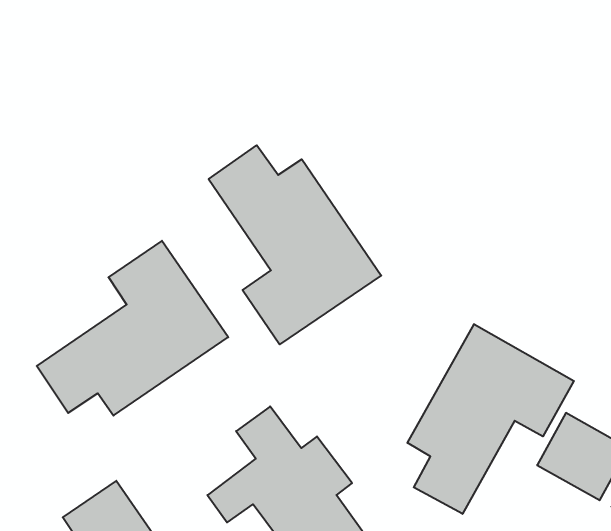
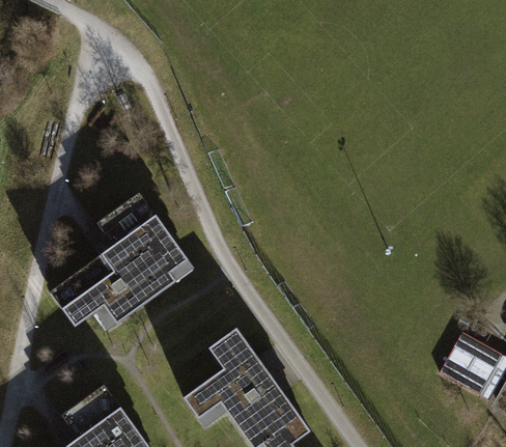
building: [209,145,381,344] -> none
building: [407,324,574,514] -> none

